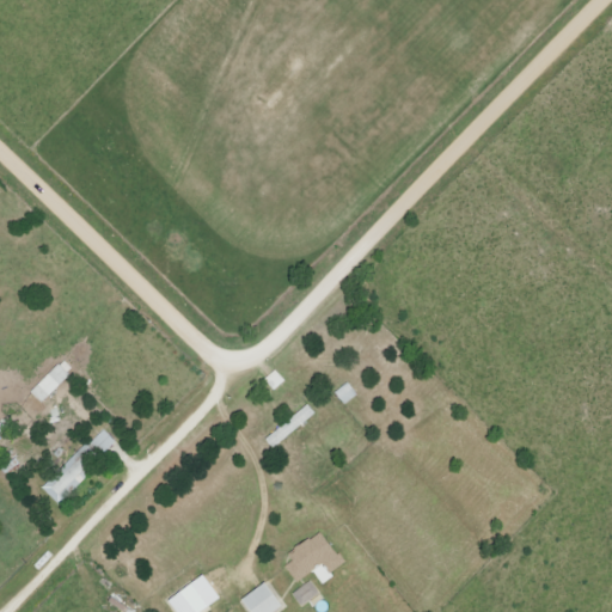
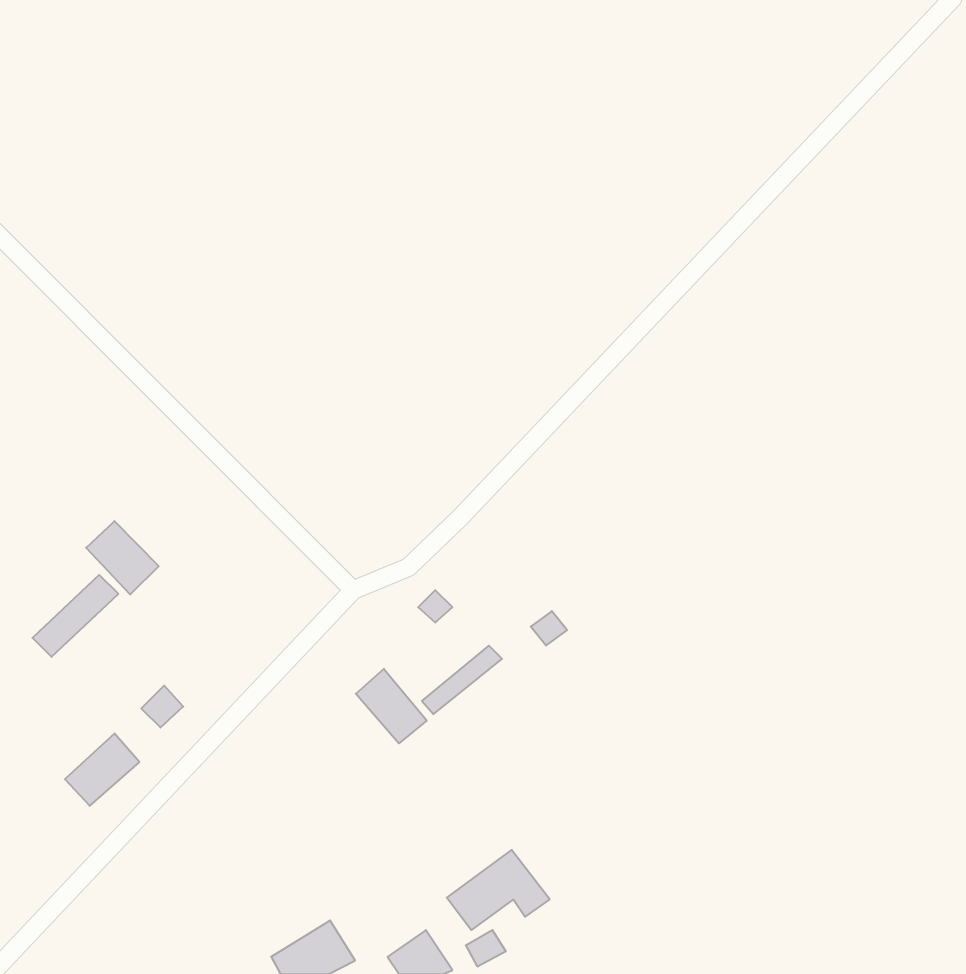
building: none -> [86,521,159,595]
building: none -> [356,669,427,743]

